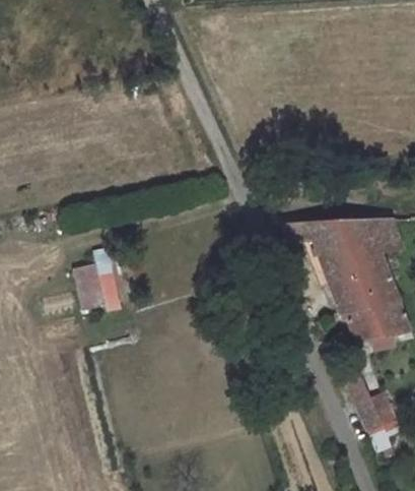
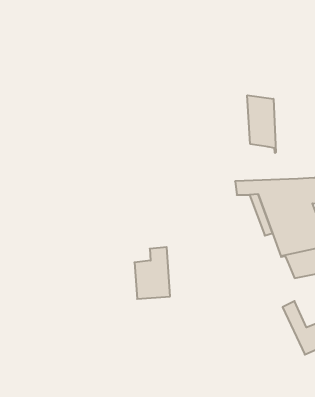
building: none -> [247,95,276,153]
building: [76,250,119,312] -> [134,247,170,299]

